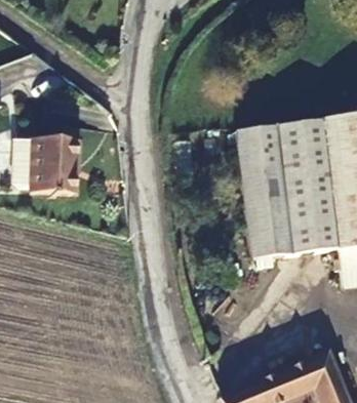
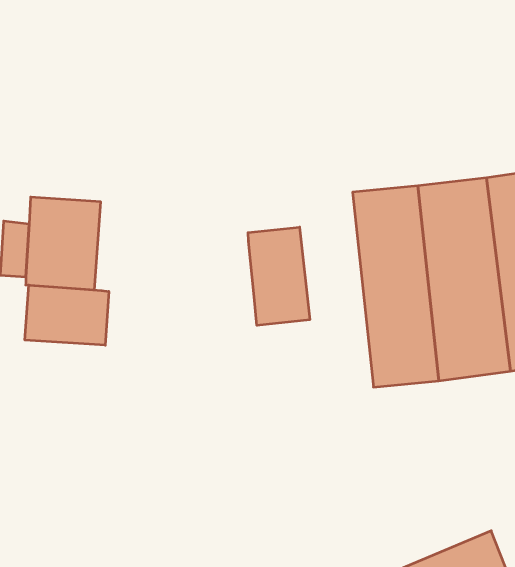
building: none -> [248,227,310,325]
building: none -> [25,285,109,345]

